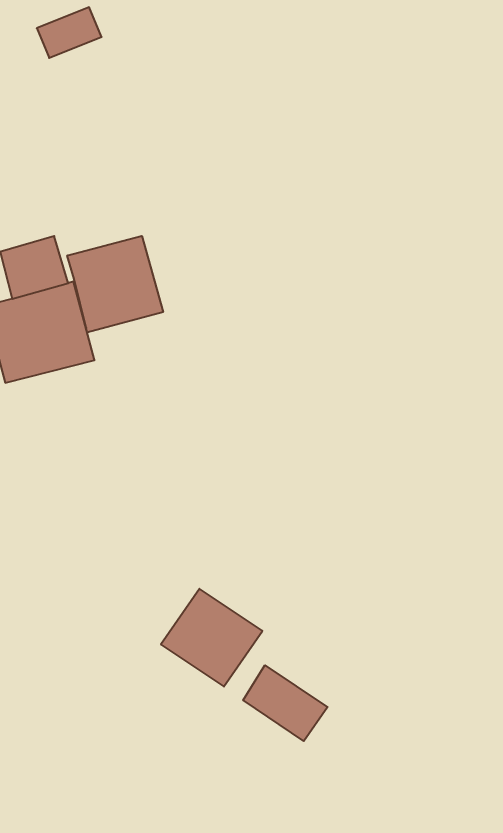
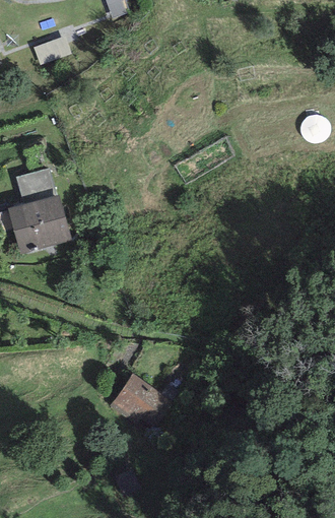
building: [67,236,163,332] -> none
building: [243,665,328,741] -> none

